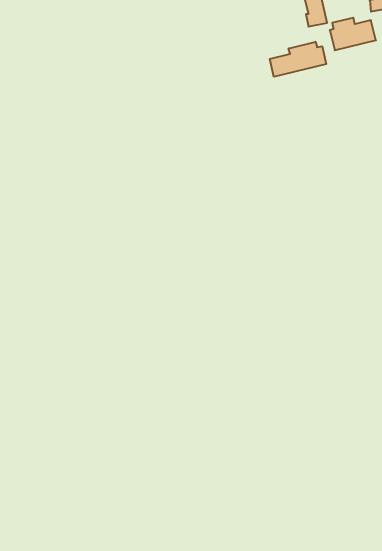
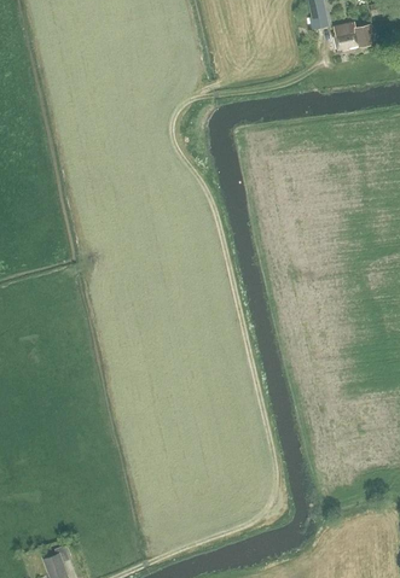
building: [270,42,326,77] -> none

